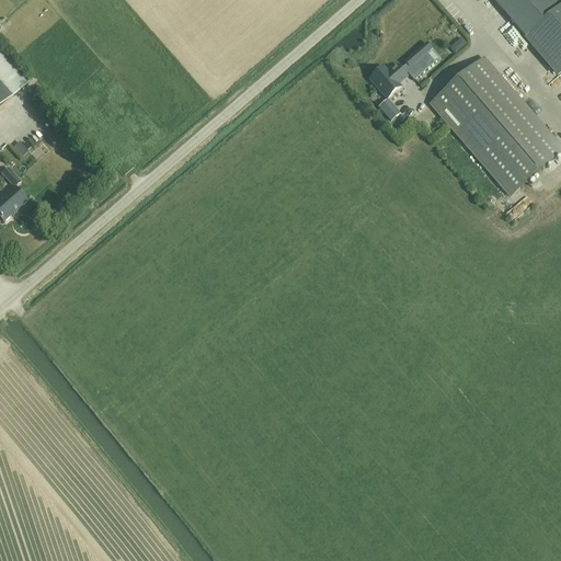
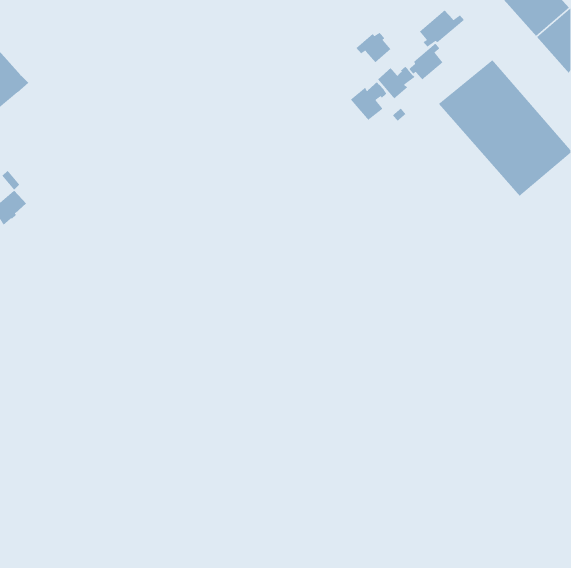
building: none -> [419,10,465,47]
building: none -> [355,32,391,63]
building: none -> [350,81,387,121]

